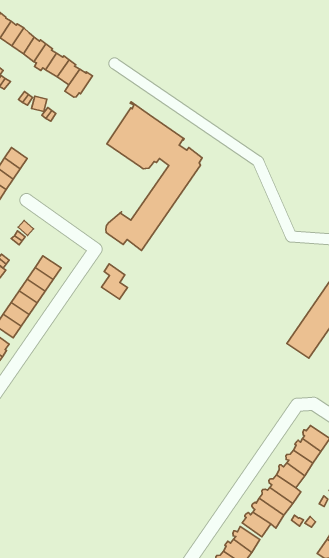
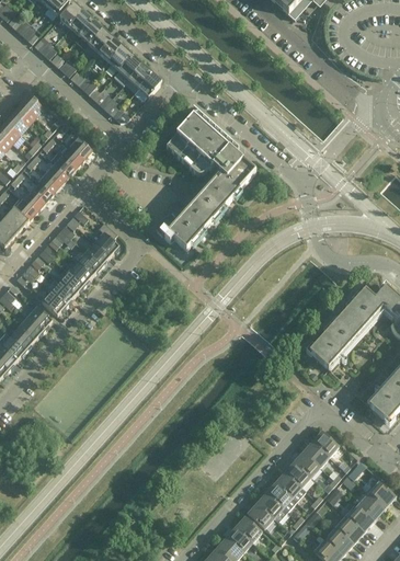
building: [101,264,128,299] -> [93,221,117,255]

